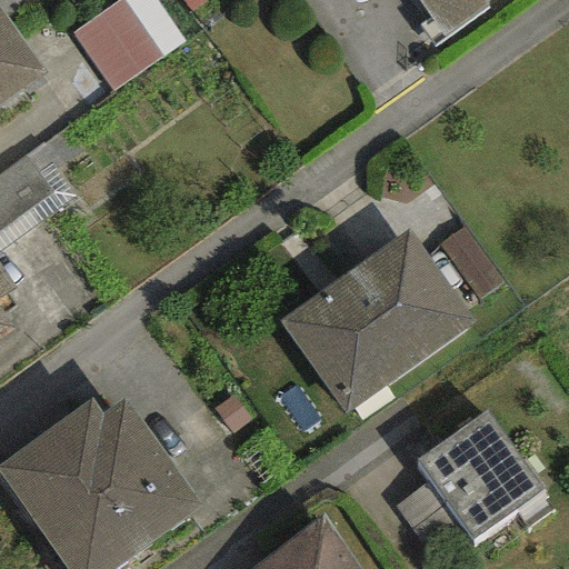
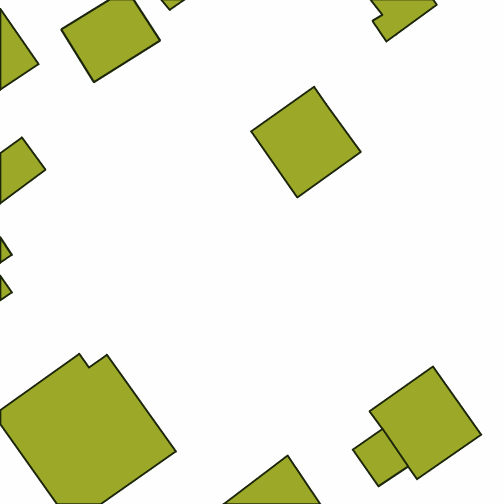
building: none -> [251,87,361,197]
building: [282,230,477,415] -> none

